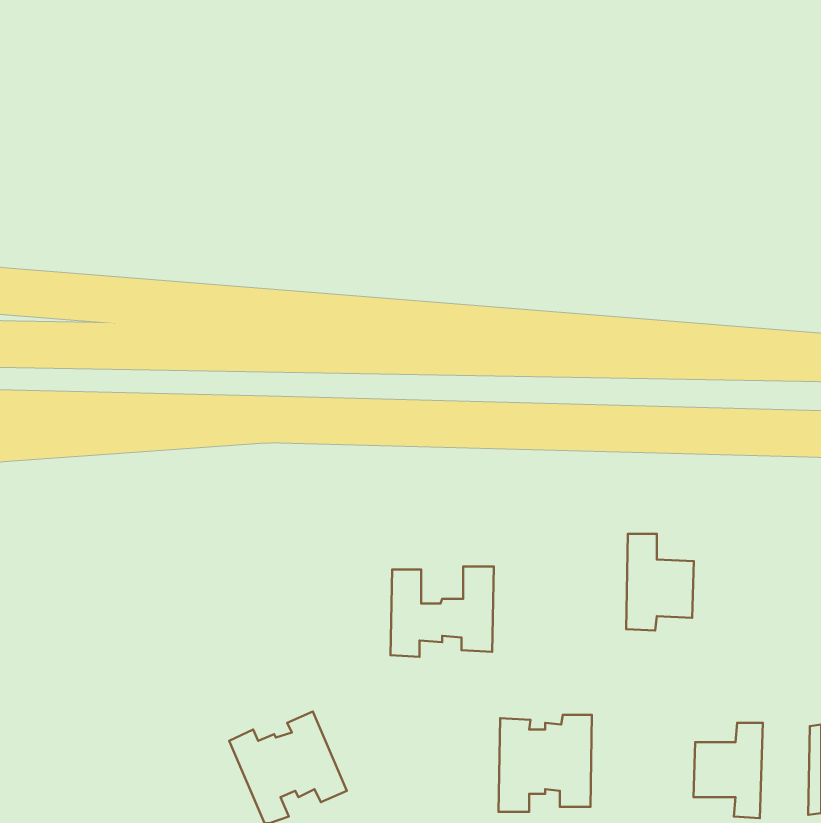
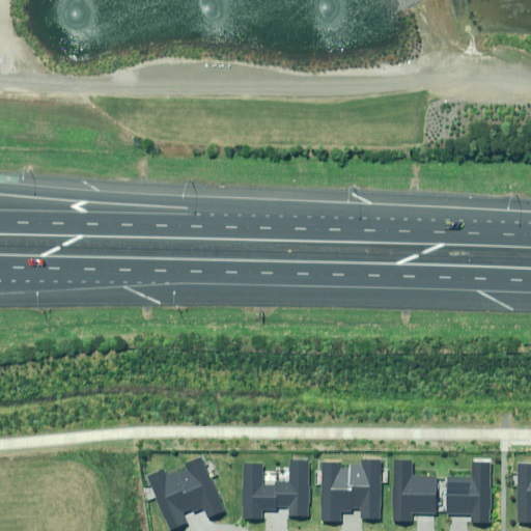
building: [626,534,694,631] -> [392,459,436,522]
building: [391,566,494,657] -> [243,462,309,520]

